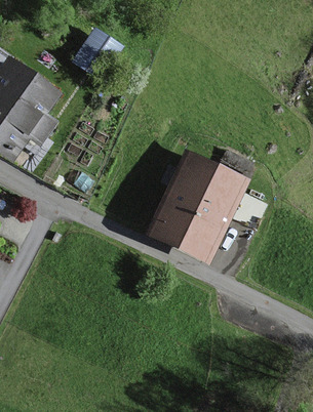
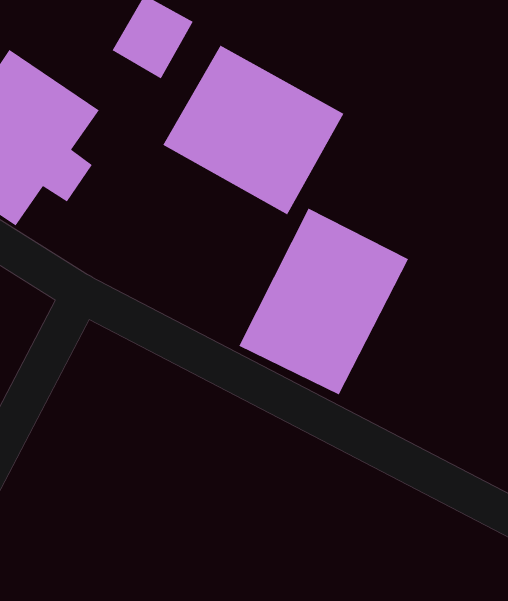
building: none -> [162,45,345,215]

